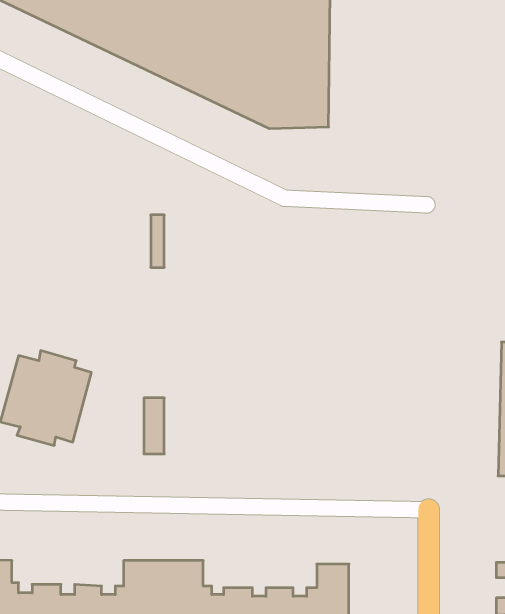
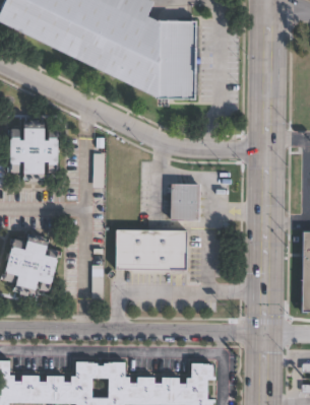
building: none -> [10,123,57,177]
building: none -> [170,184,200,220]
building: none -> [117,230,188,269]

